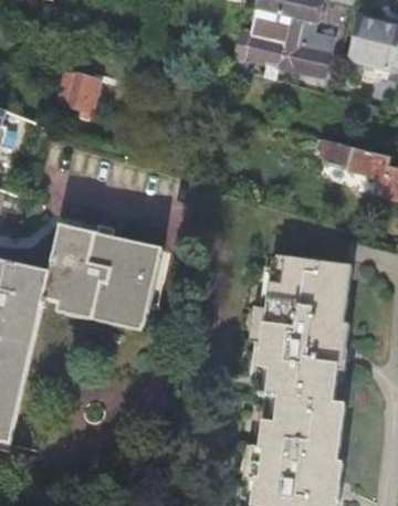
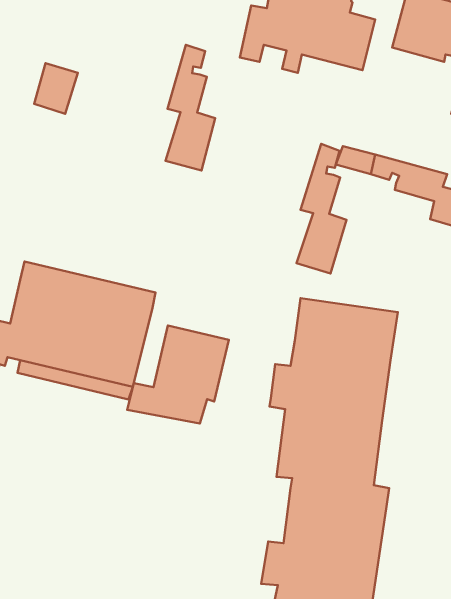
building: none -> [166,45,215,171]
building: none -> [296,144,346,274]
building: none -> [127,325,229,424]

